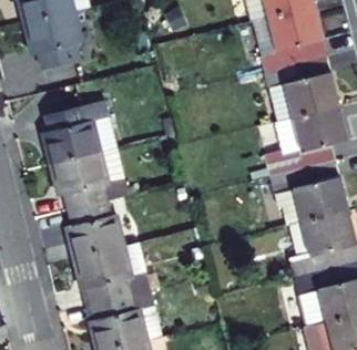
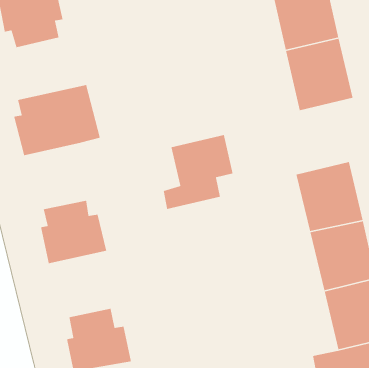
building: [280,115,341,181] -> [163,134,234,210]
building: [50,154,108,210] -> none
building: [71,247,129,303] -> none

